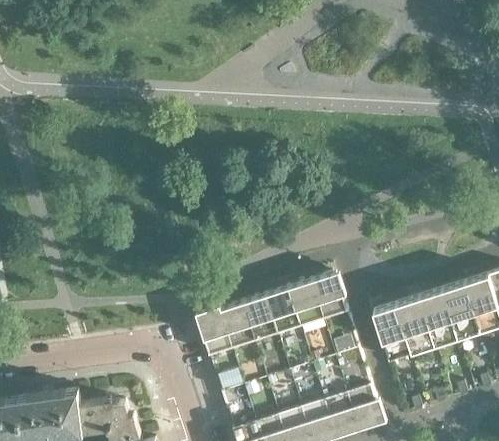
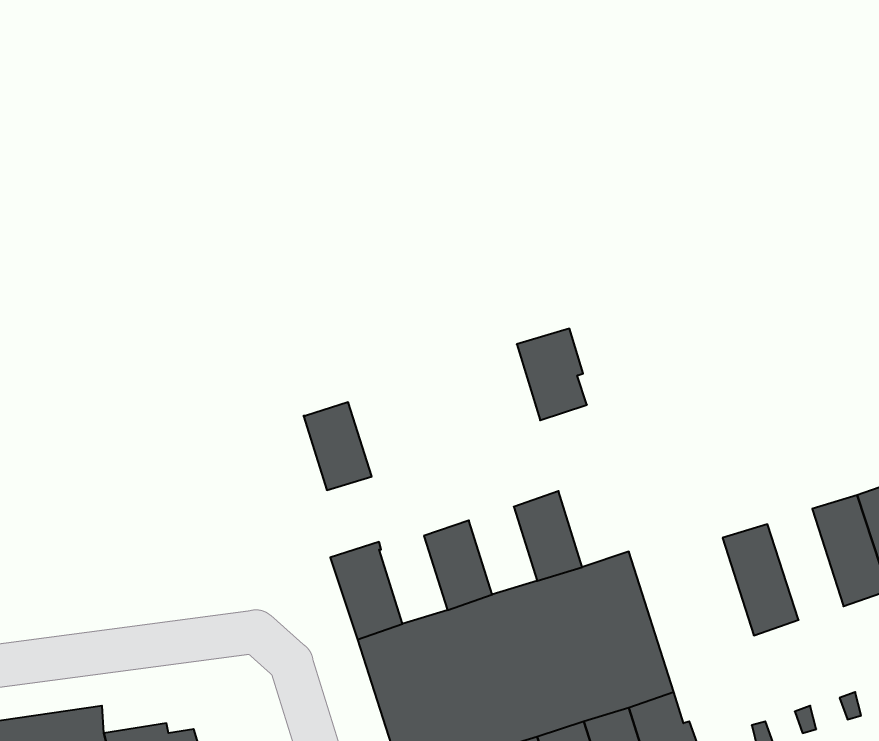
building: [311,274,347,321] -> [517,329,587,420]
building: [265,290,300,335] -> none
building: [418,291,457,348] -> none
building: [219,305,254,350] -> [303,402,372,490]
building: [372,306,411,363] -> none

